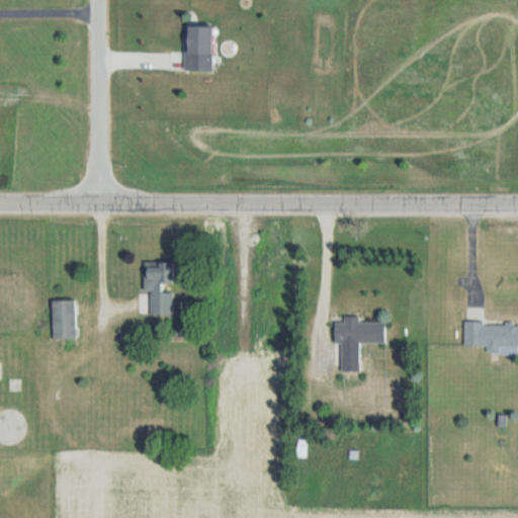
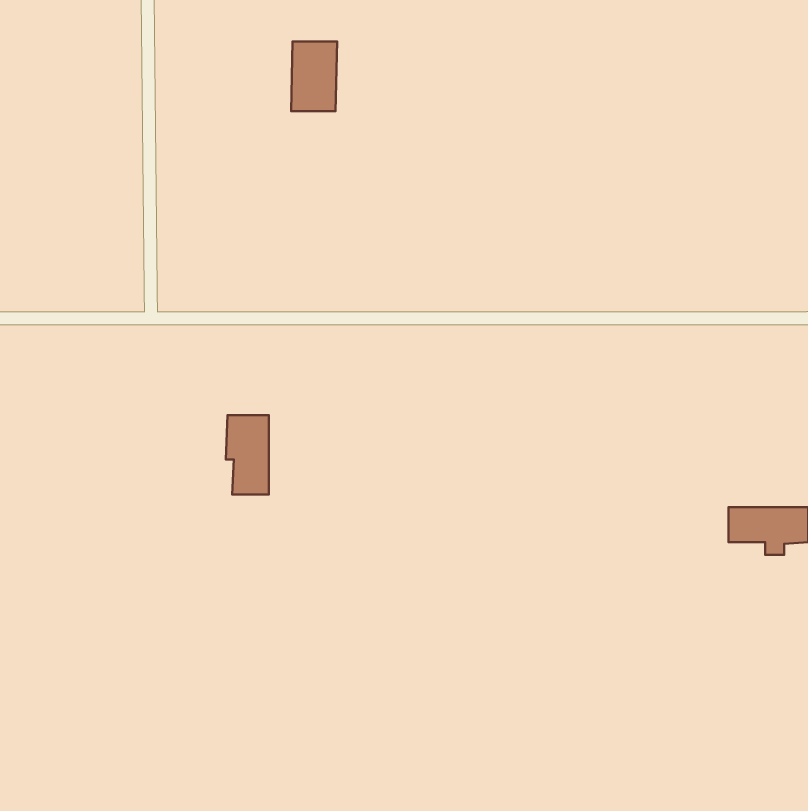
building: [53,300,75,339] -> none
building: [334,317,383,371] -> none

